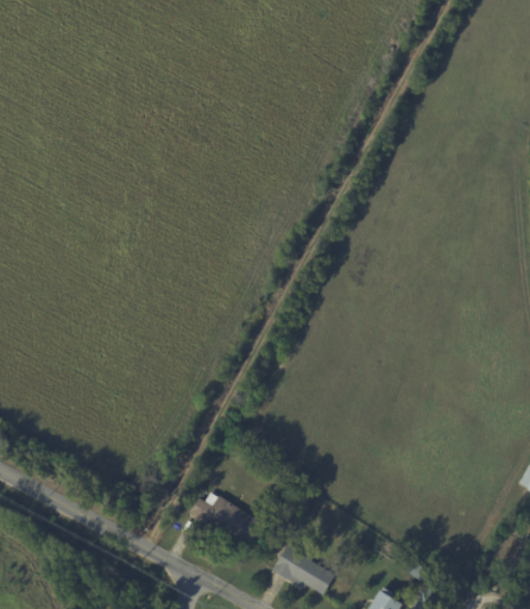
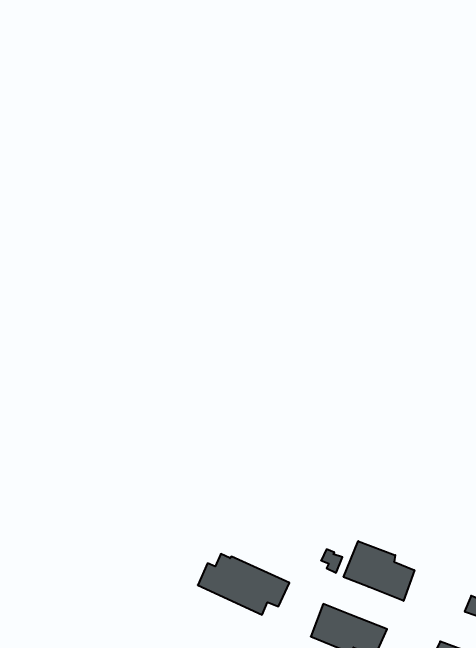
building: none -> [344,541,414,601]

